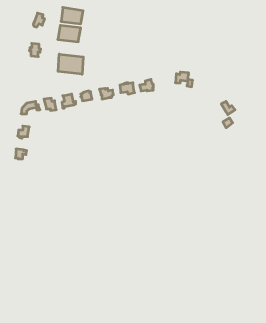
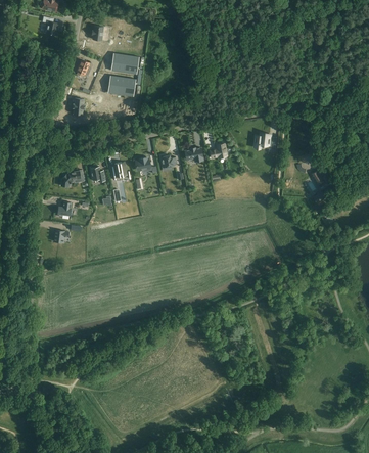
building: [58,54,83,74] -> none

